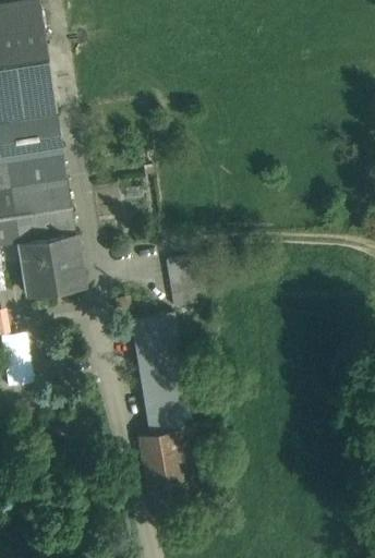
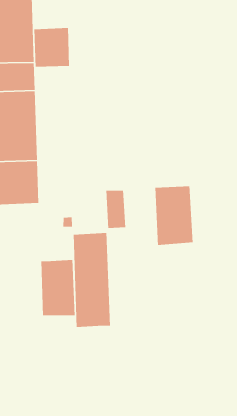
building: none -> [34,27,70,68]
building: none -> [154,185,193,246]
building: [137,429,190,506] -> [41,259,75,316]

